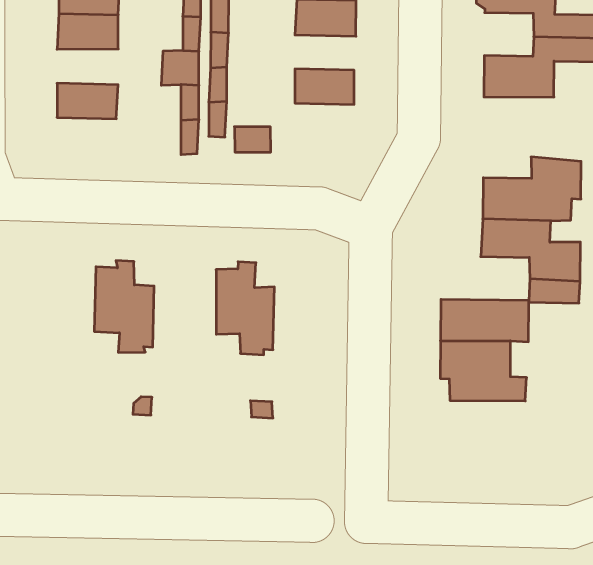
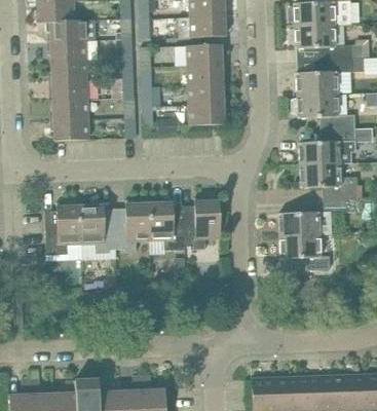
building: none -> [188,66,223,86]
building: none -> [52,80,88,102]
building: none -> [298,95,355,130]
building: none -> [190,105,225,125]
building: none -> [54,120,89,141]
building: none -> [45,202,82,255]
building: none -> [115,199,152,253]
building: none -> [184,197,221,250]

